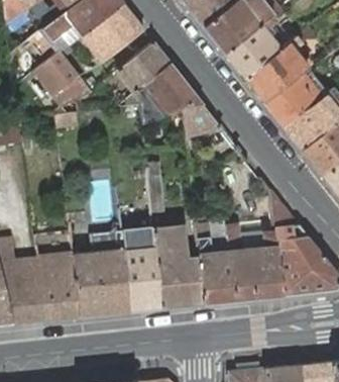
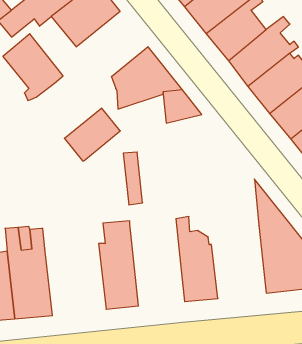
building: [117,42,170,92] -> [64,108,120,161]
building: [225,223,280,300] -> none
building: [152,226,204,307] -> none
building: [73,230,130,316] -> none

